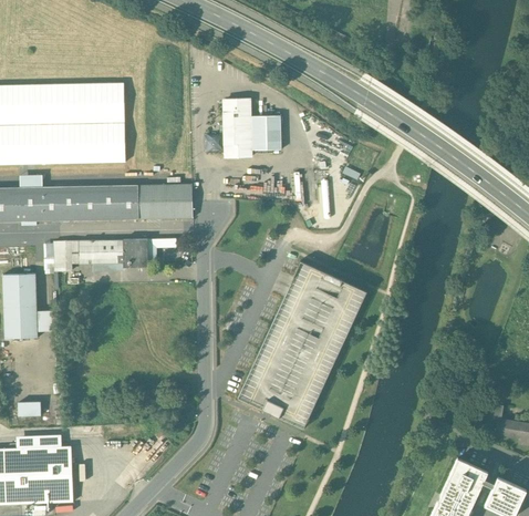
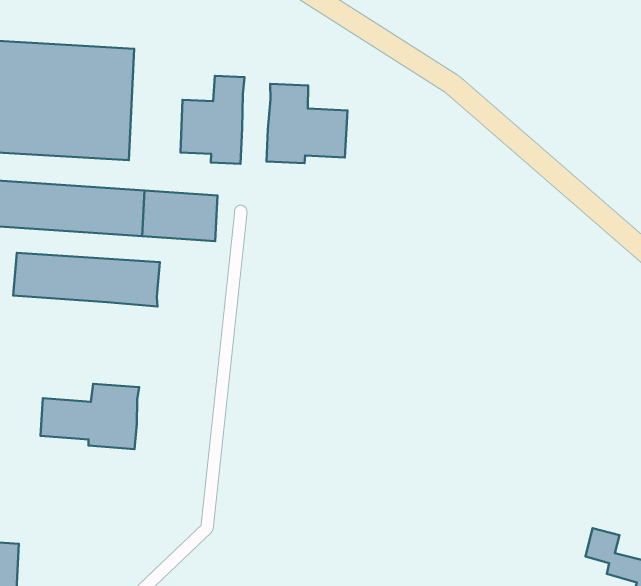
building: none -> [180,76,244,164]
building: [237,265,366,432] -> none
building: none -> [41,384,139,449]

